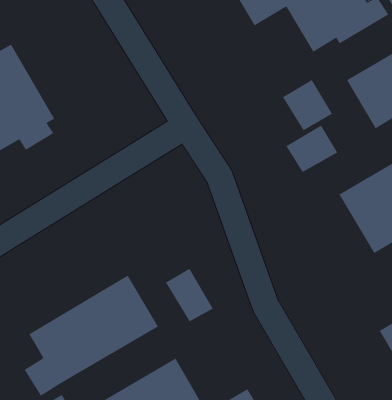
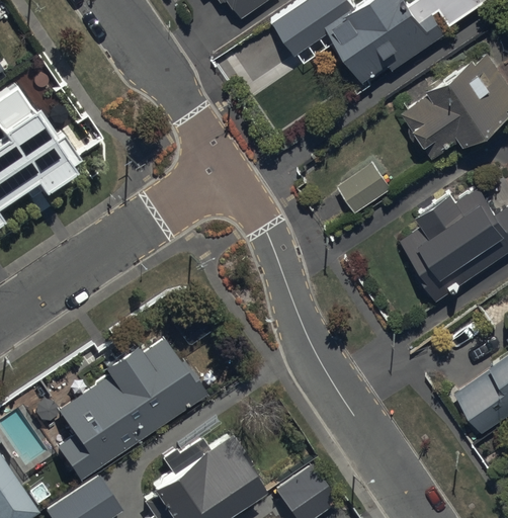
building: [282,79,333,131] -> none
building: [165,268,213,322] -> none

